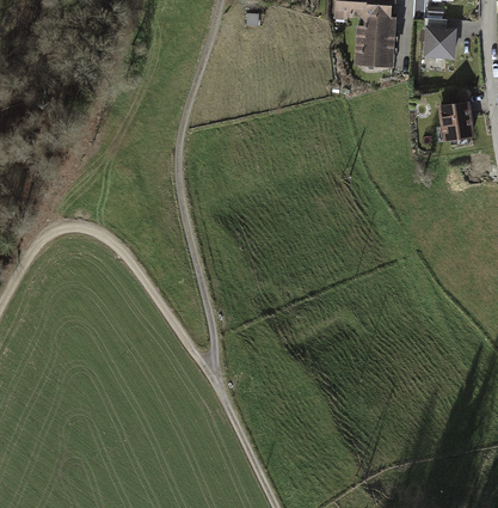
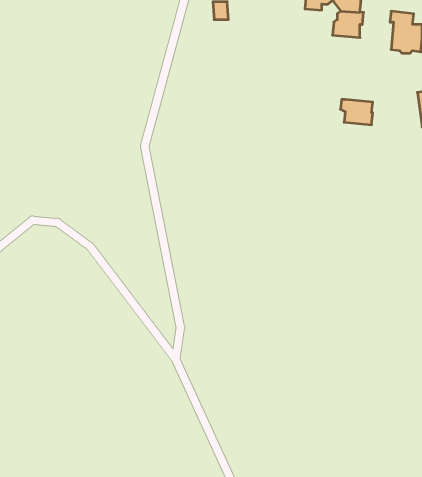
building: [359,44,392,69] -> [340,100,373,125]

